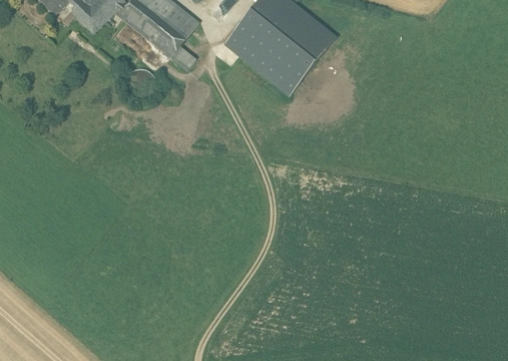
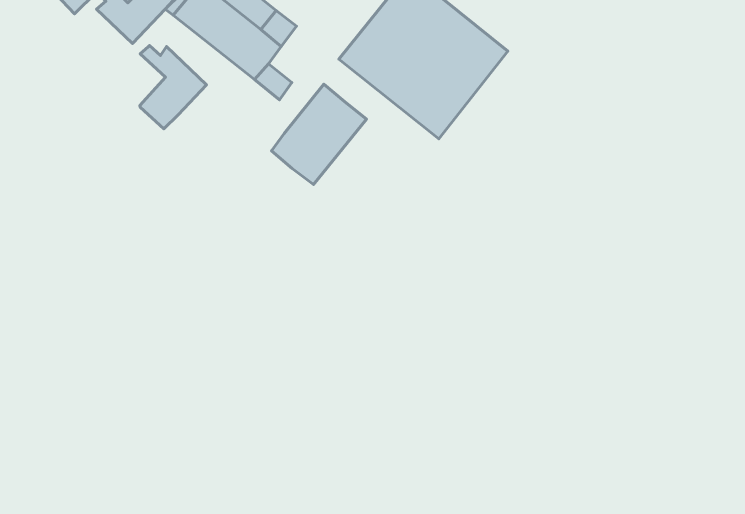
building: none -> [140,45,207,129]
building: none -> [272,84,367,185]

